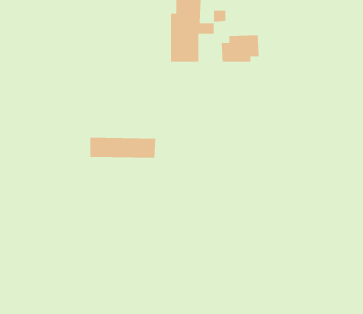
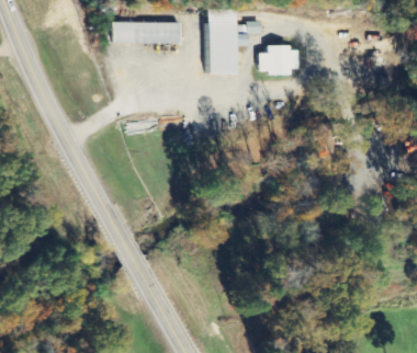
building: [89,137,156,159] -> [114,22,182,44]

